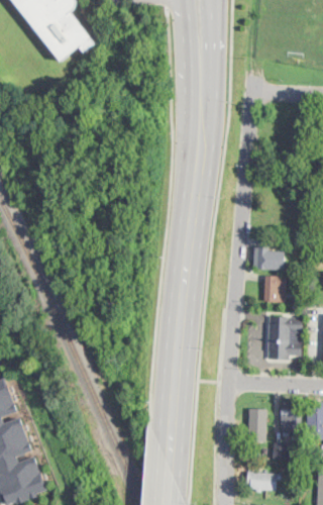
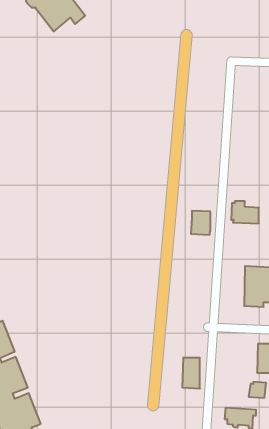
building: [264,277,286,303] -> [191,211,210,235]
building: [247,408,266,441] -> [182,358,200,389]

